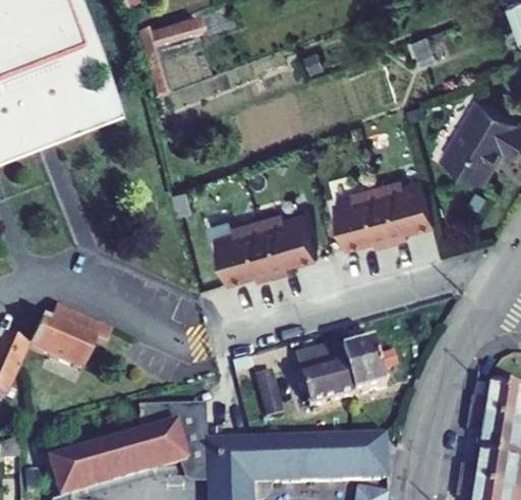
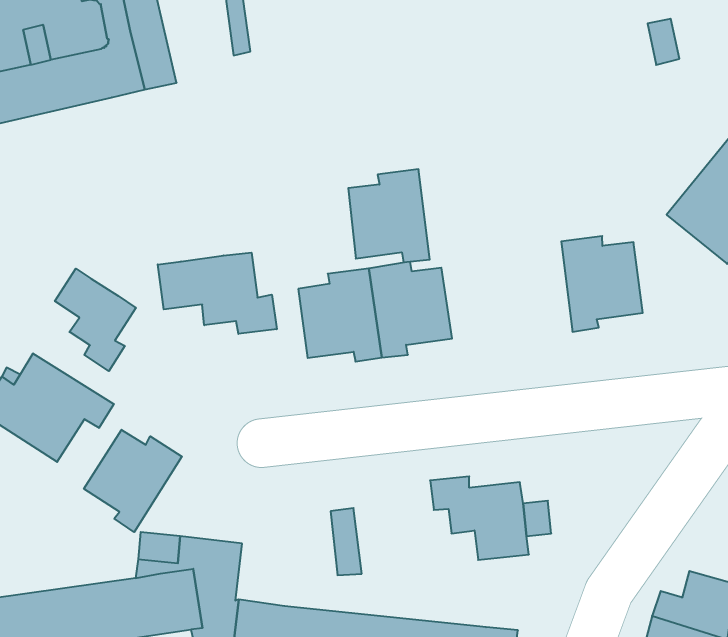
building: [334,185,392,247] -> [348,169,430,262]
building: none -> [158,253,277,334]
building: none -> [55,269,136,371]
building: none -> [84,430,182,532]
building: [293,348,353,406] -> none

